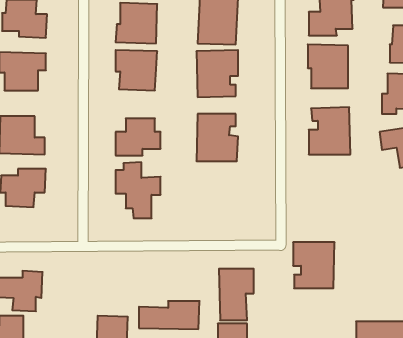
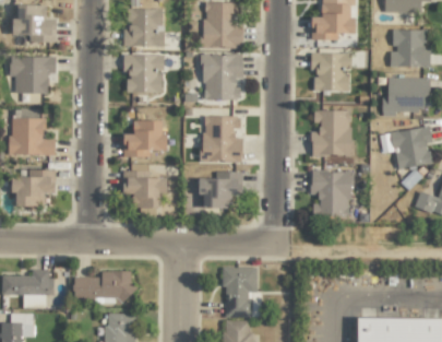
building: none -> [199,172,242,208]
building: [293,242,335,288] -> [311,172,351,216]
building: [139,301,200,329] -> [73,271,132,298]

